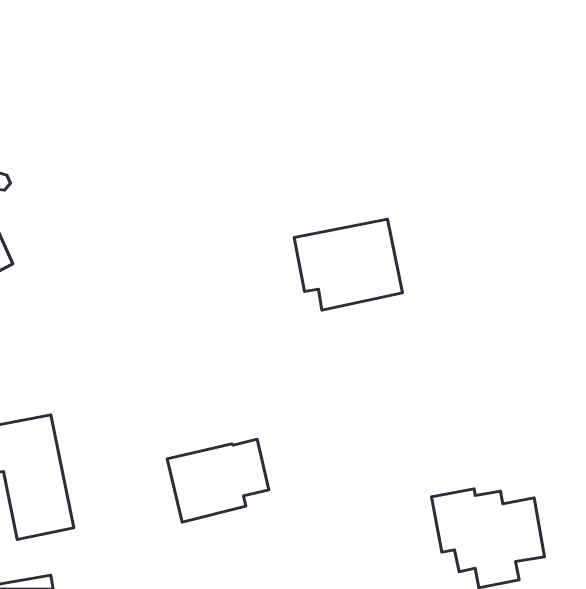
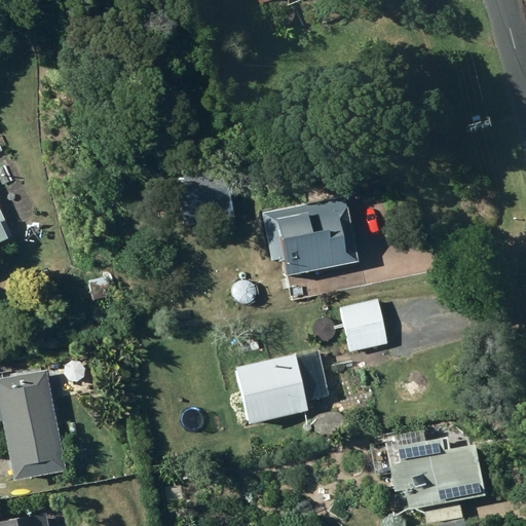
building: none -> [340,299,386,351]
building: [167,439,269,522] -> [237,350,328,424]

